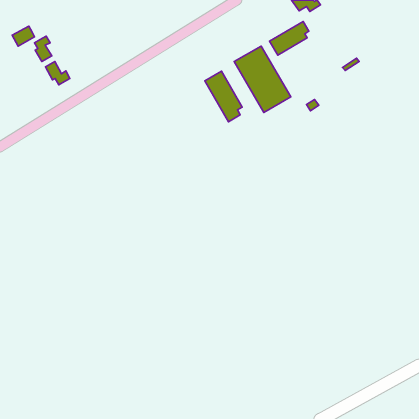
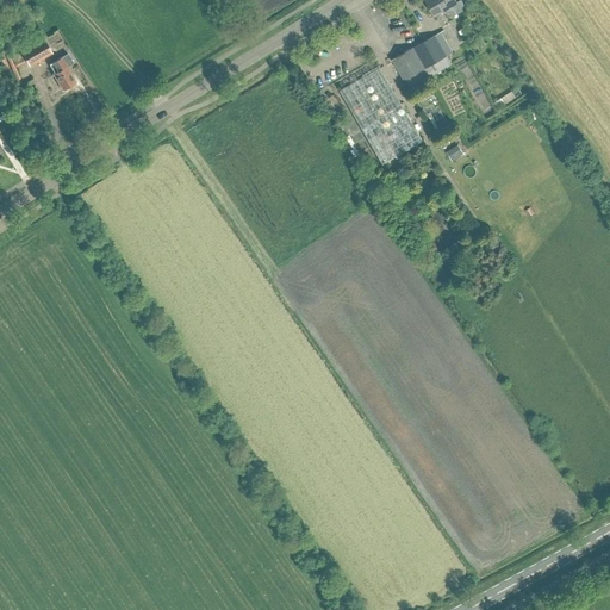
building: [45,62,70,85] -> none
building: [205,71,242,122] -> none

